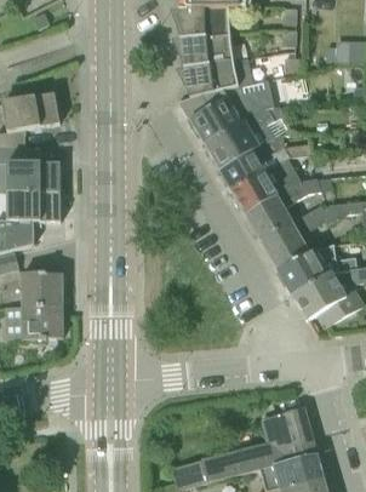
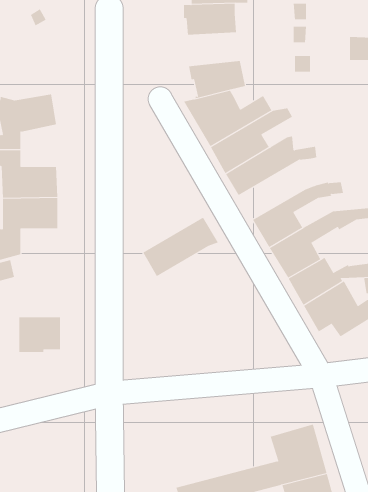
building: [181,35,234,67] -> none
building: [231,156,304,213] -> [142,217,219,277]
building: [22,271,63,305] -> none

